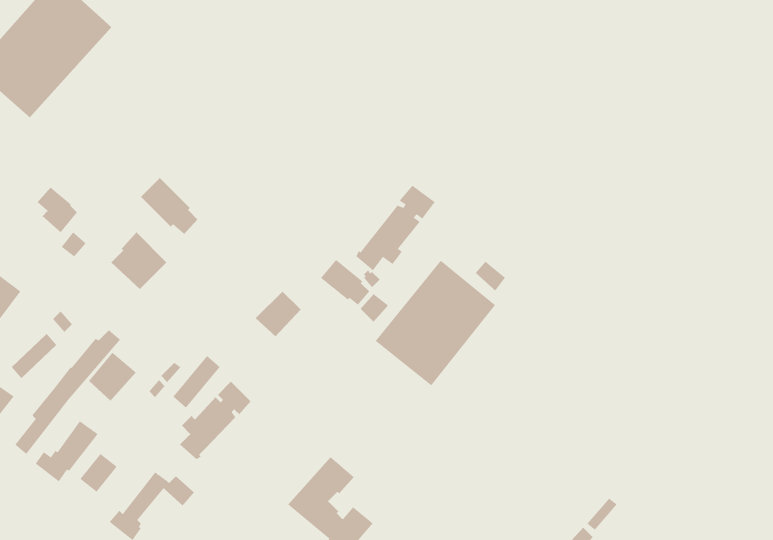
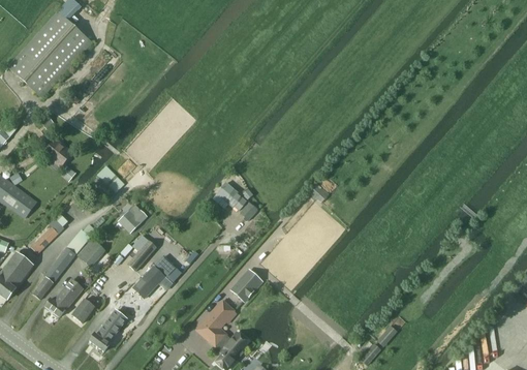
building: [140,177,198,235] -> none
building: [355,185,436,271] -> none
building: [375,260,496,386] -> none
building: [255,291,301,337] -> [119,204,147,232]
building: none -> [233,269,262,300]

